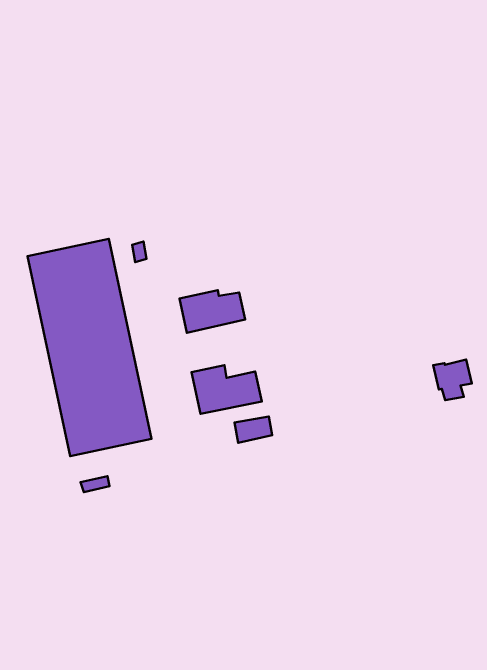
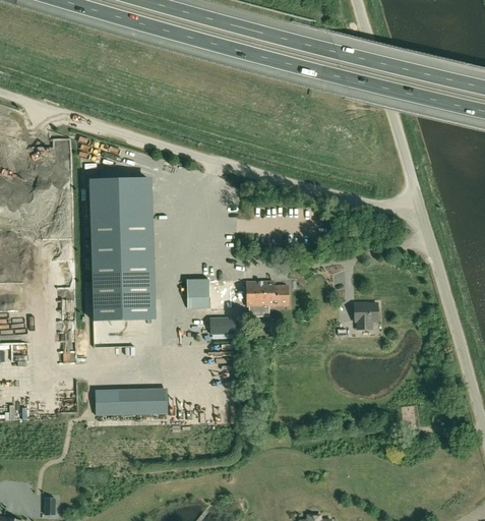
building: [179,290,245,333] -> [246,281,289,306]
building: none -> [98,381,172,416]

